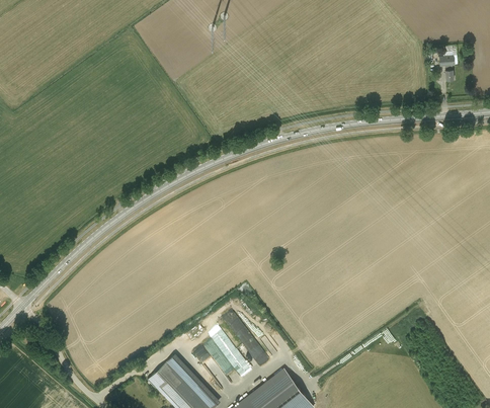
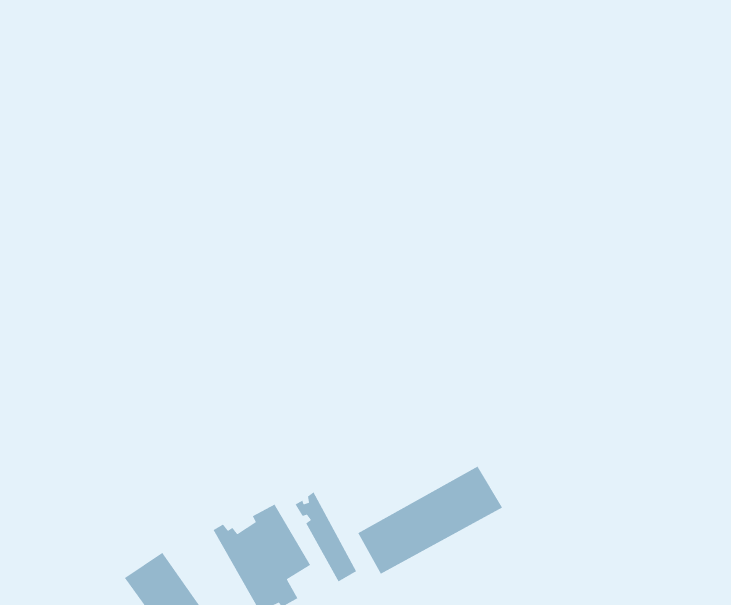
building: none -> [357,465,503,575]

